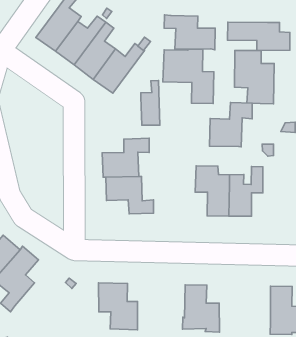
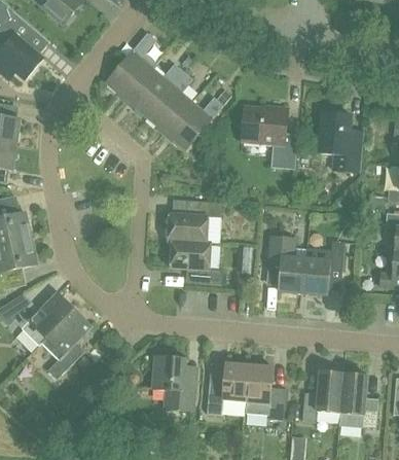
building: [164,15,215,50] -> none
building: [228,22,290,50] -> none
building: [141,81,160,125] -> none
building: [210,102,252,147] -> none
building: none -> [207,362,249,413]
building: none -> [301,370,342,421]

